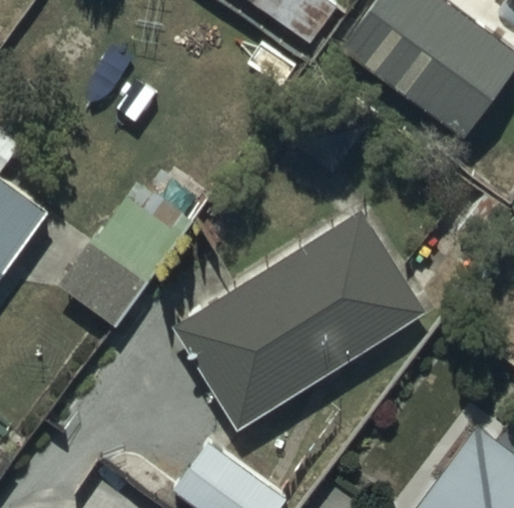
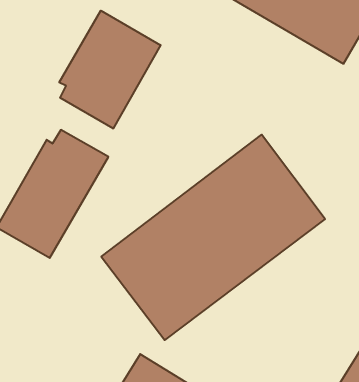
building: none -> [59,11,161,129]

